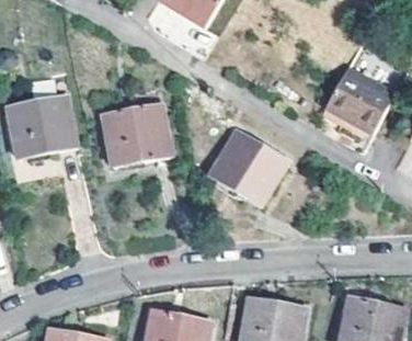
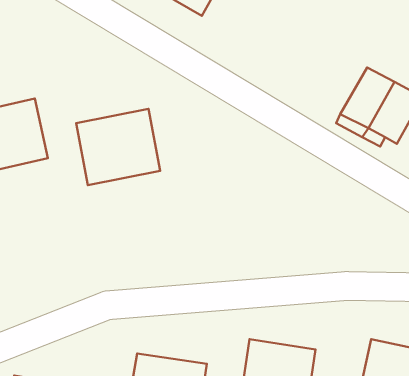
building: [210,129,287,205] -> none

